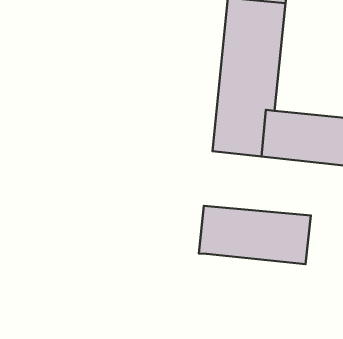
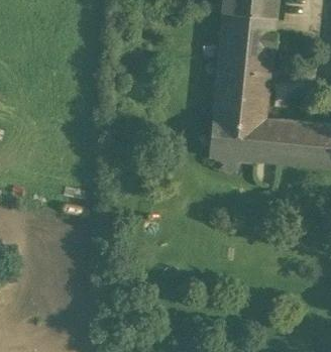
building: [199,206,311,264] -> none

